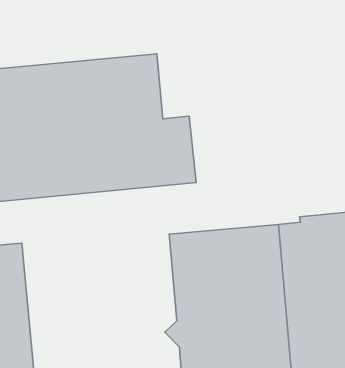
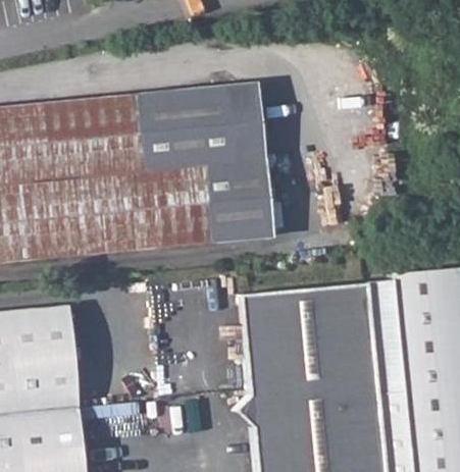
building: none -> [226,82,264,160]

